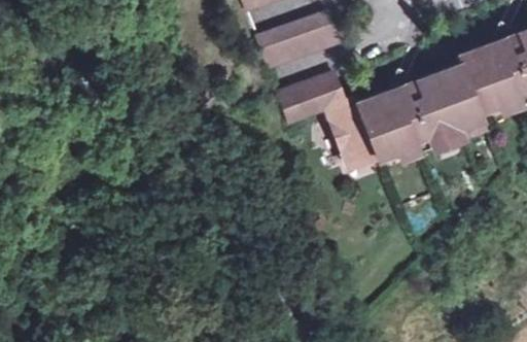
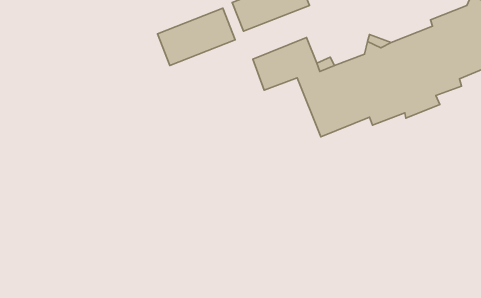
building: none -> [158,8,235,65]

